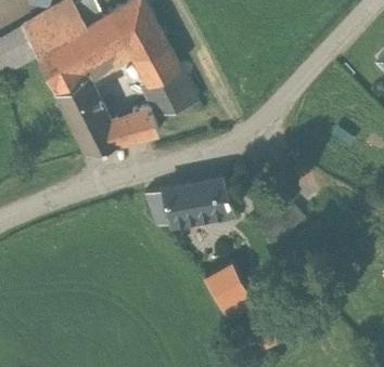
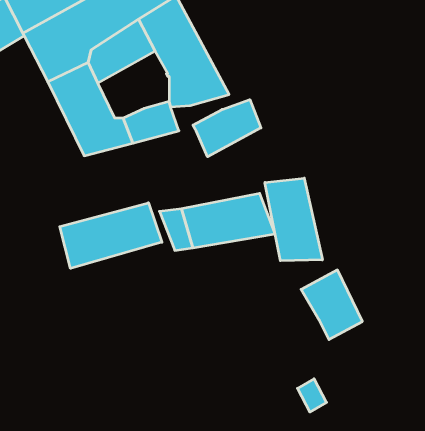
building: none -> [193,100,261,157]
building: none -> [265,178,322,261]
building: none -> [60,203,162,268]
building: [206,264,254,318] -> [301,270,362,340]

